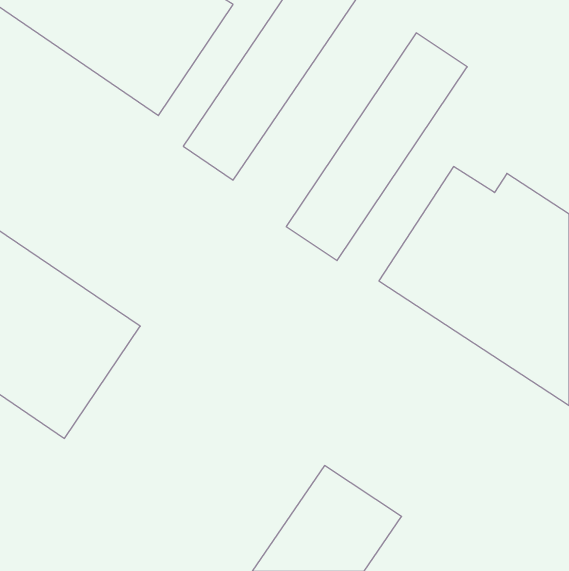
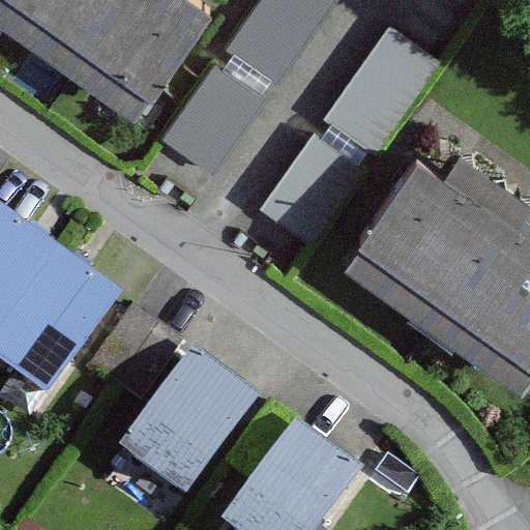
building: none -> [126,357,257,501]

